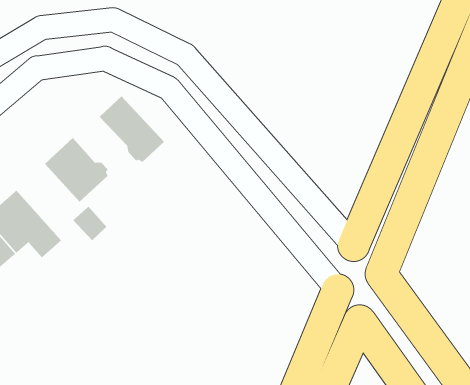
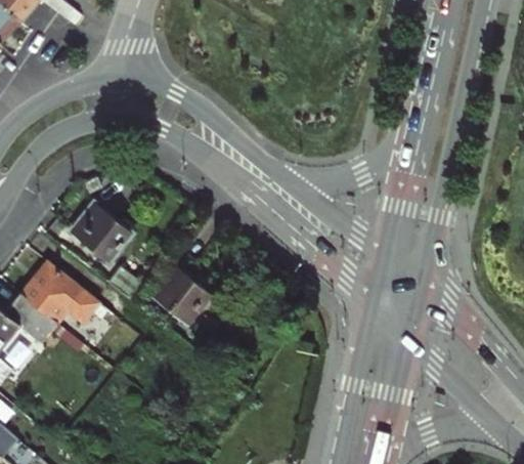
building: [99,96,165,163] -> none
building: none -> [147,263,212,324]

